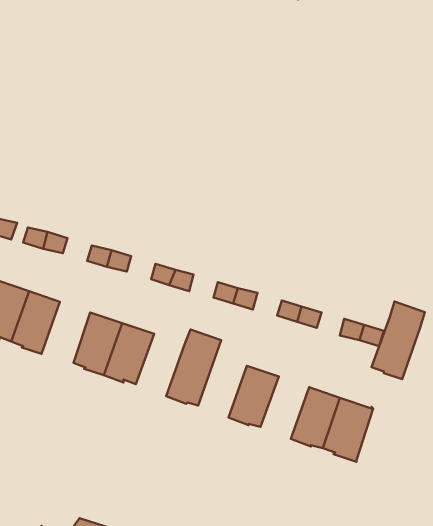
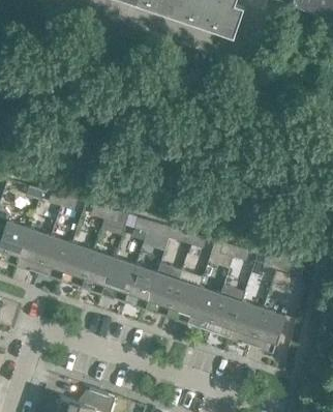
building: [372,302,425,379] -> [209,284,245,336]
building: none -> [60,243,93,285]
building: none -> [124,265,157,307]
building: none -> [166,269,203,322]

